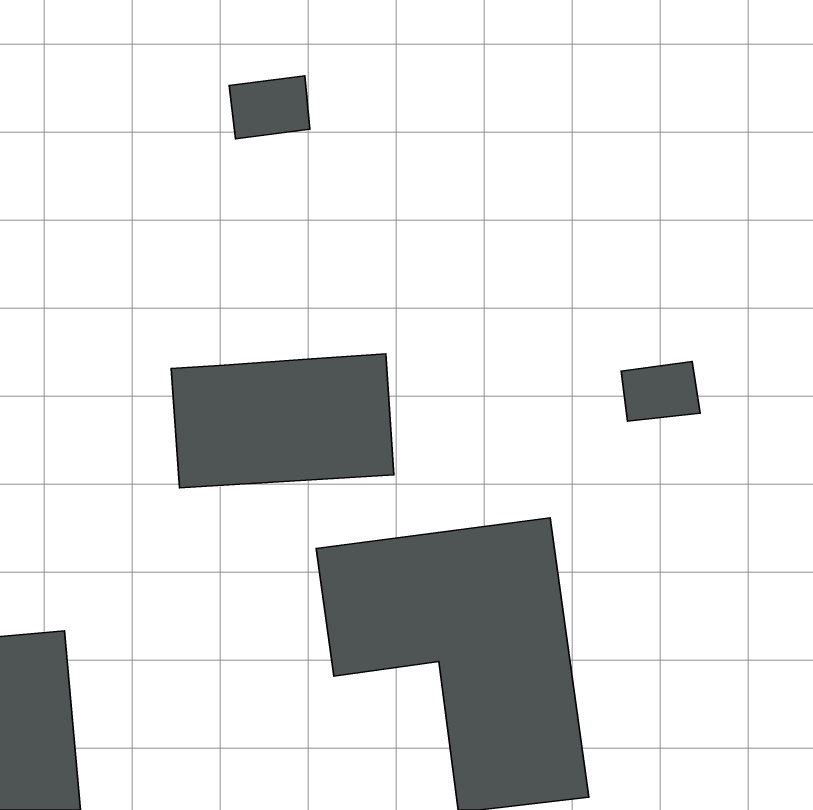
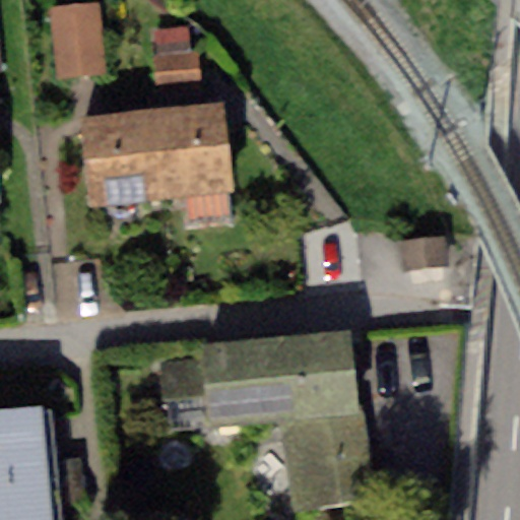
building: none -> [51,4,105,78]
building: [171,354,394,488] -> [94,117,235,201]

